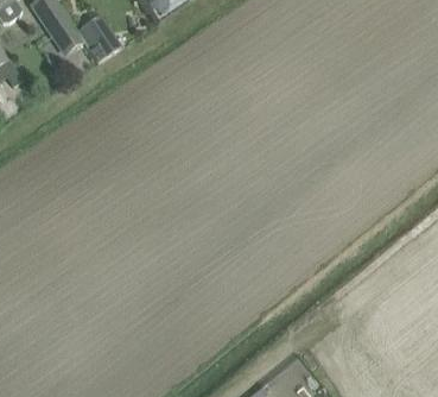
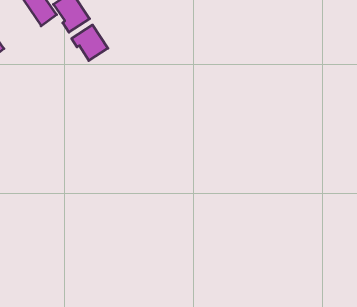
building: none -> [72,25,108,61]

